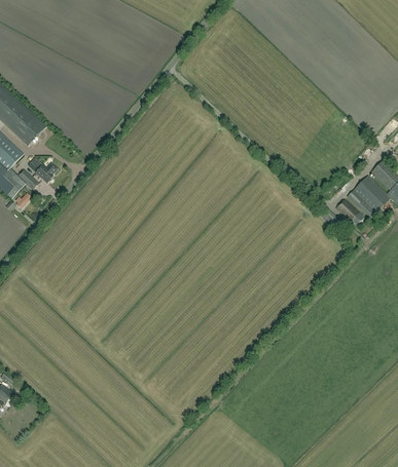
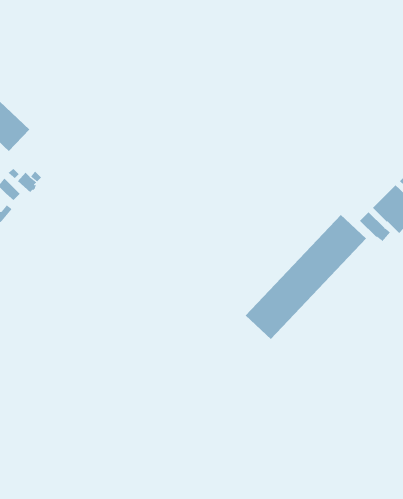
building: none -> [245,214,367,340]

